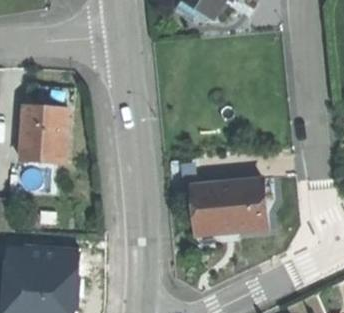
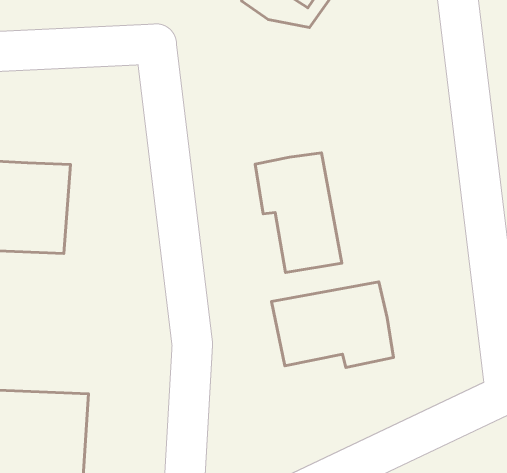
building: none -> [255,153,342,272]

